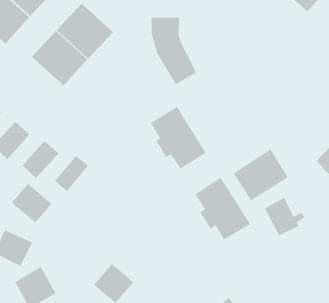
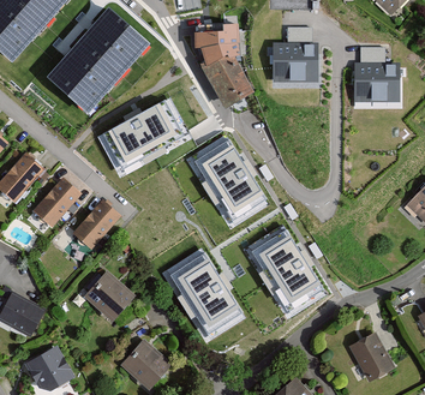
building: none -> [274,24,315,74]
building: none -> [355,43,397,95]
building: none -> [102,96,182,166]
building: [233,149,289,202] -> none
building: [11,183,53,224] -> [84,271,137,323]
building: none -> [169,250,241,330]
building: [264,197,305,237] -> [348,330,401,381]

